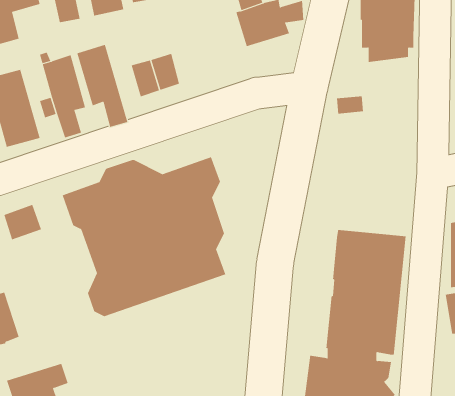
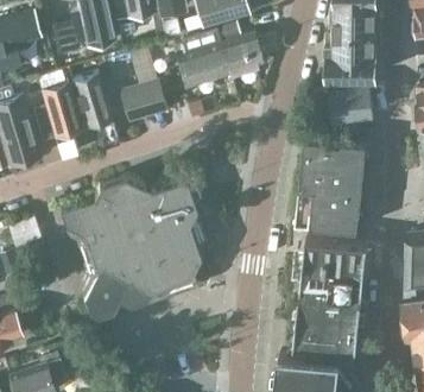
building: none -> [175,45,223,88]
building: none -> [312,86,373,120]
building: none -> [296,139,366,232]

